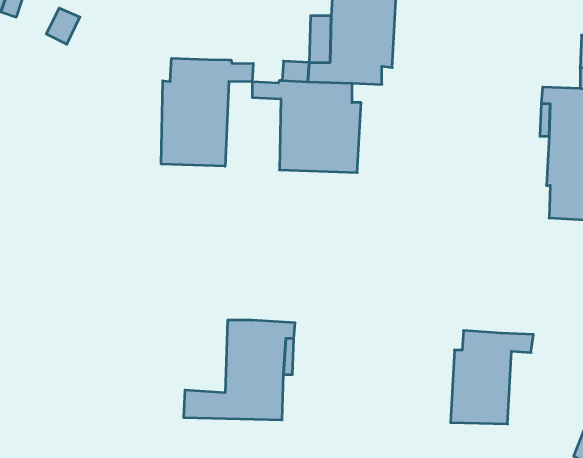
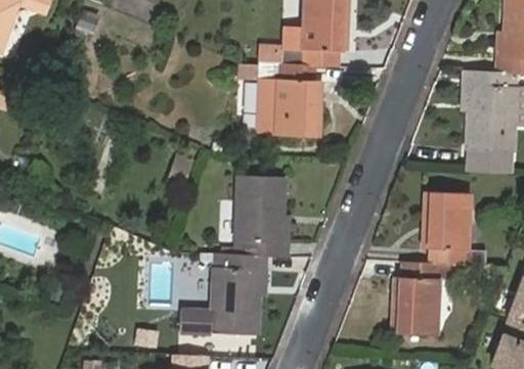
building: [161,58,253,166] -> none
building: none -> [236,174,290,257]
building: none -> [424,192,487,266]

